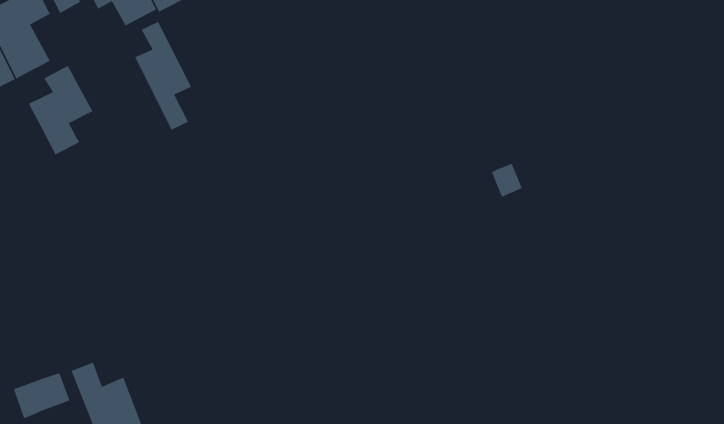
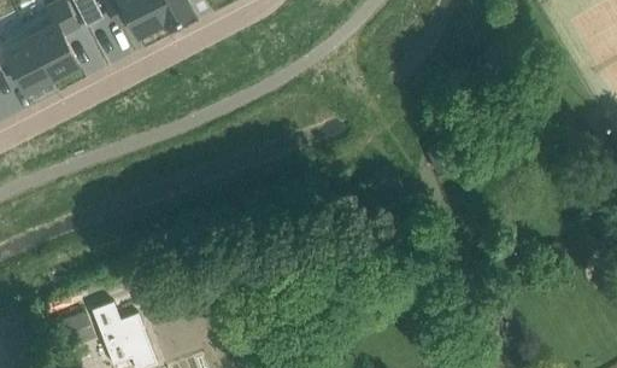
building: [134,21,192,131] -> none
building: [28,65,94,155] -> none

